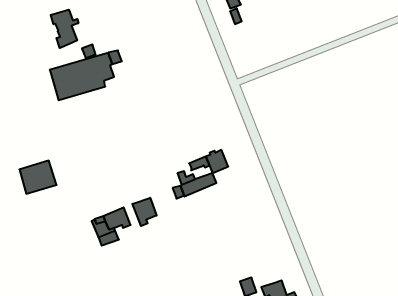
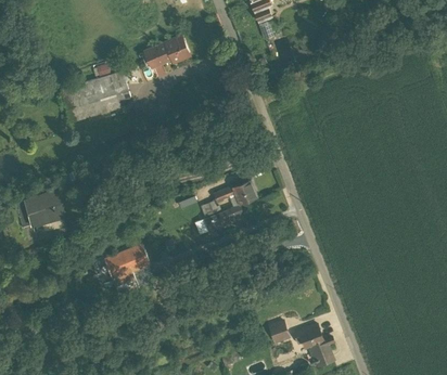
building: [51,10,78,48] -> none
building: none -> [145,37,189,64]
building: [132,198,157,226] -> none

